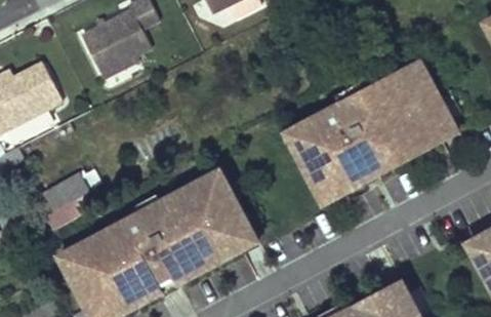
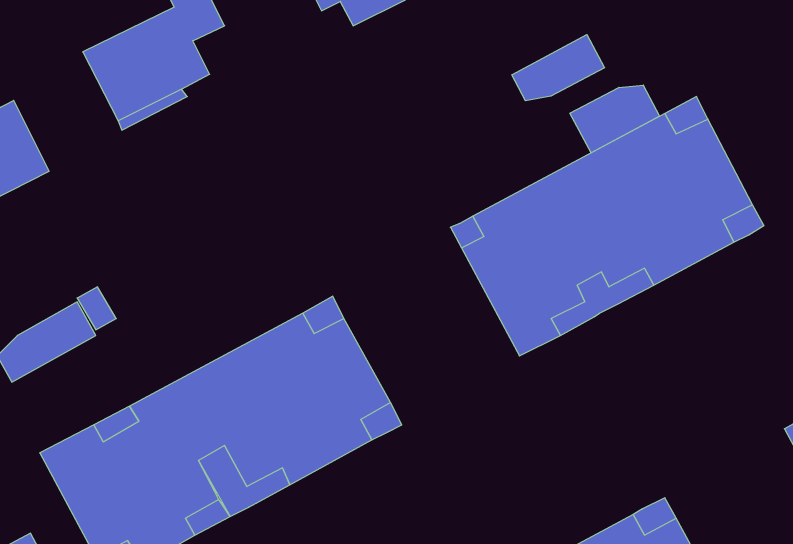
building: none -> [512,35,605,101]
building: none -> [570,85,660,153]

